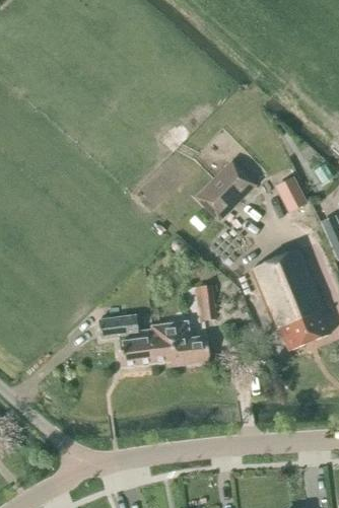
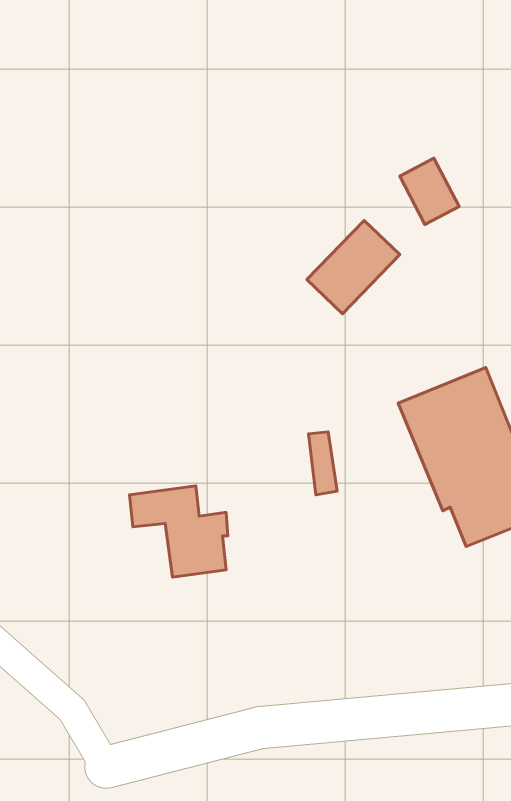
building: [274,174,308,212] -> [400,158,459,224]
building: [151,321,210,365] -> none

